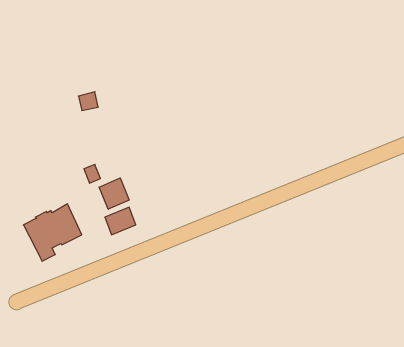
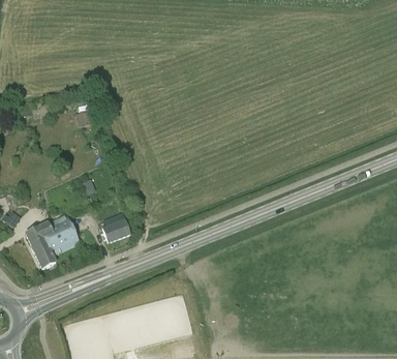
building: [99,178,129,209] -> none

